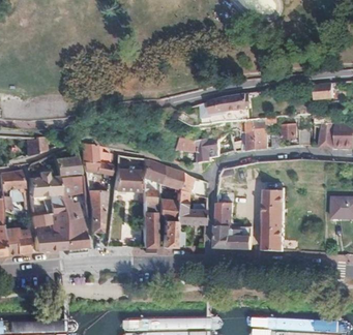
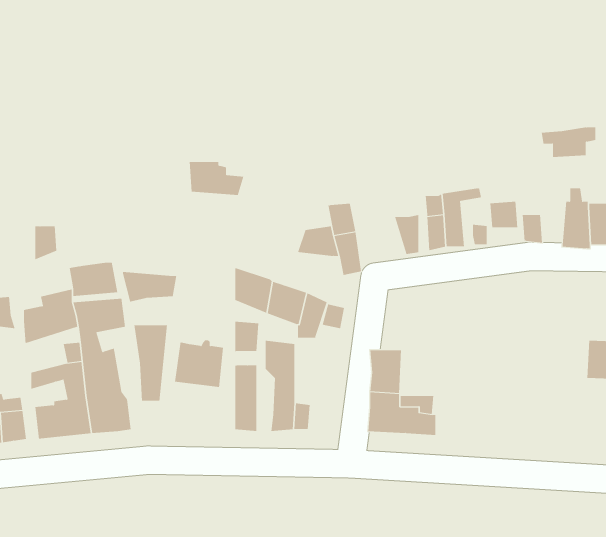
building: [208,93,248,113] -> none
building: [80,144,110,162] -> [189,161,244,196]
building: [113,165,140,191] -> [174,340,224,387]
building: [263,189,286,250] -> none
building: [175,196,205,224] -> none

